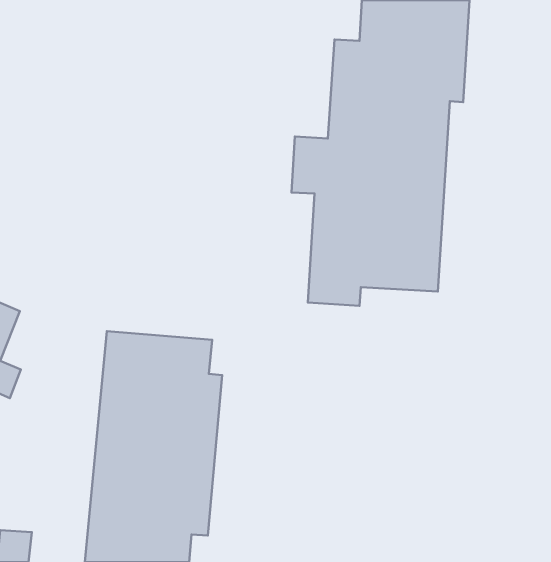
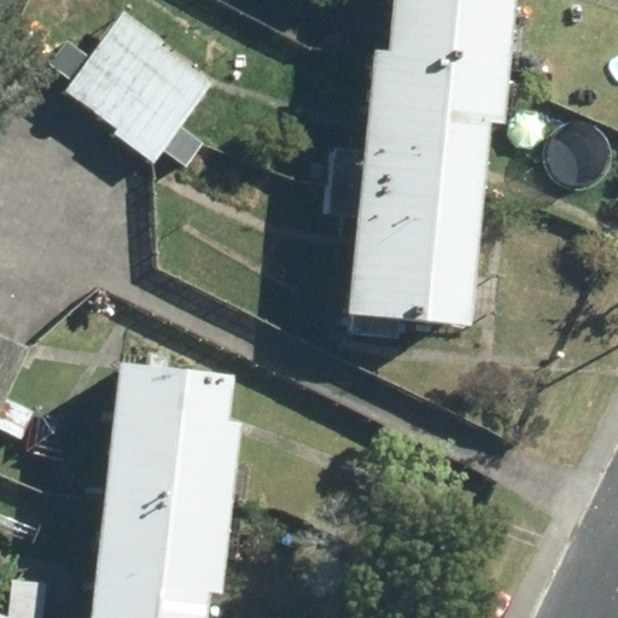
building: none -> [59,11,208,158]

